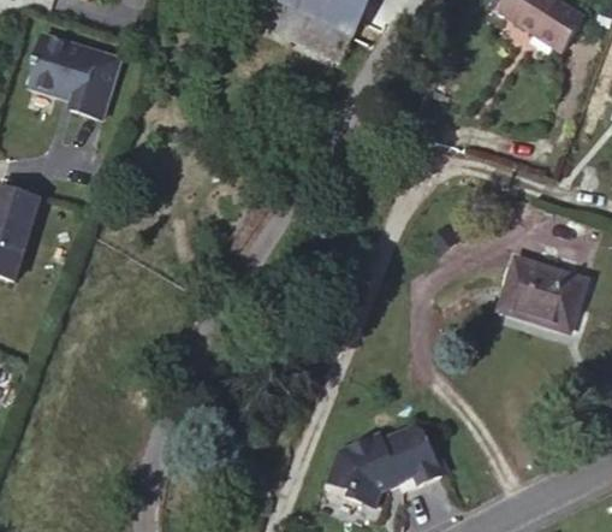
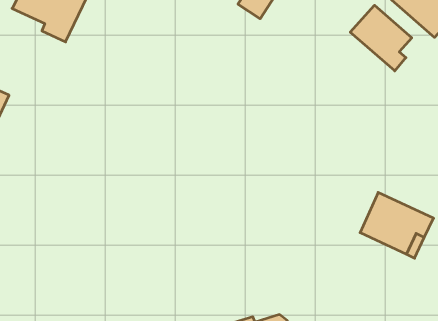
building: none -> [350,5,412,71]

